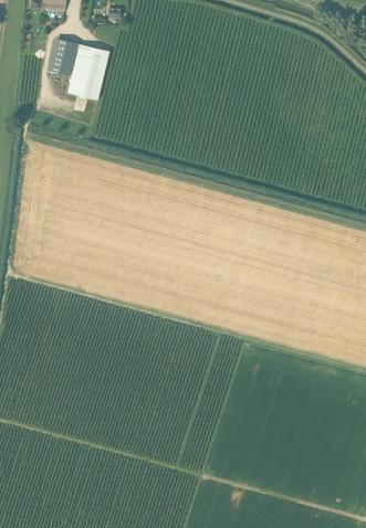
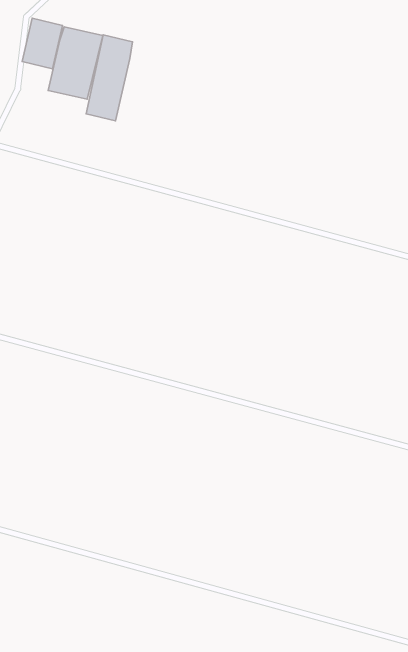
building: none -> [86,35,133,121]

